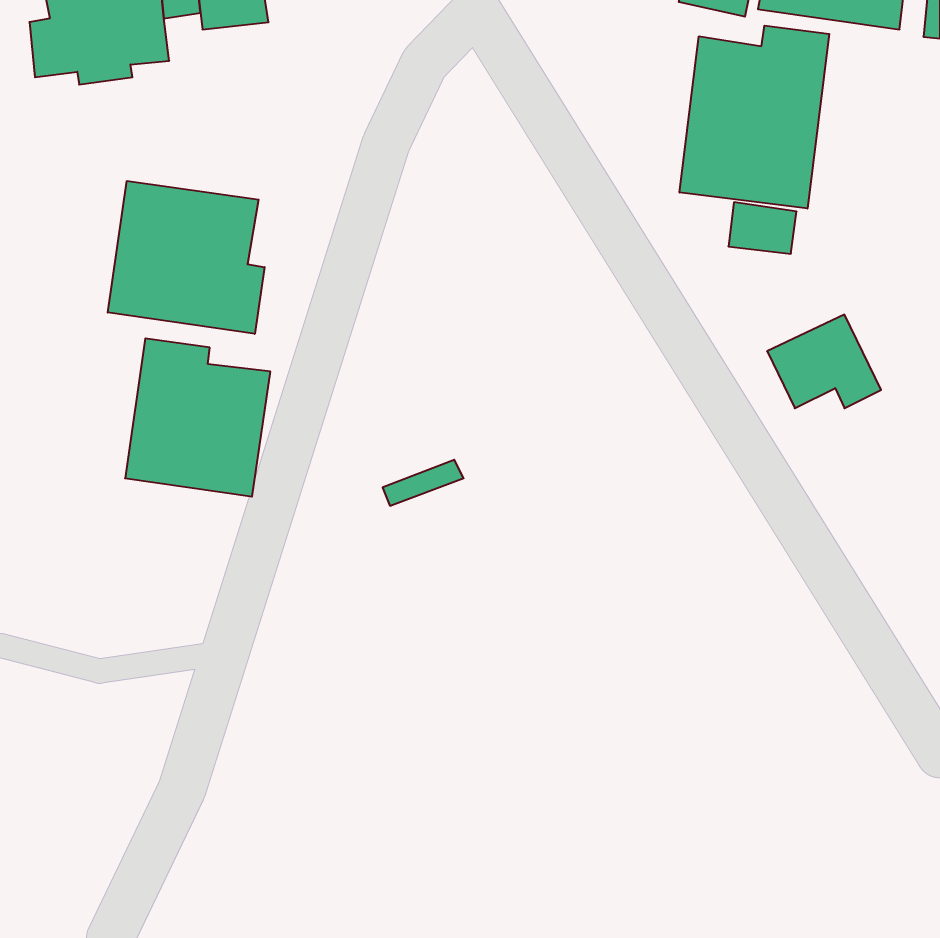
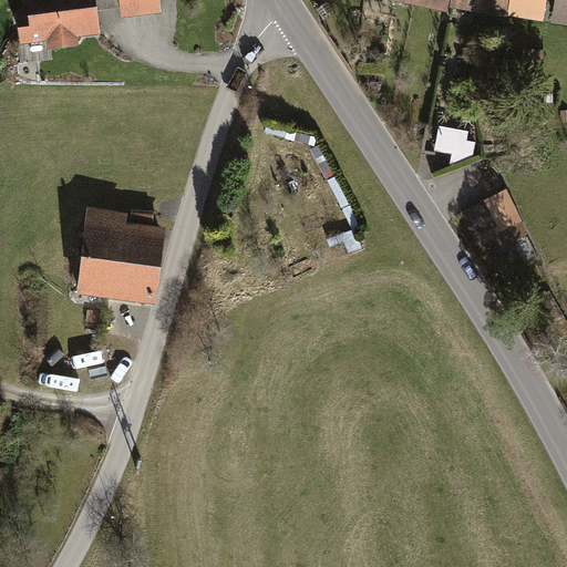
building: [680,26,829,209] -> none
building: [108,181,265,334] -> none

